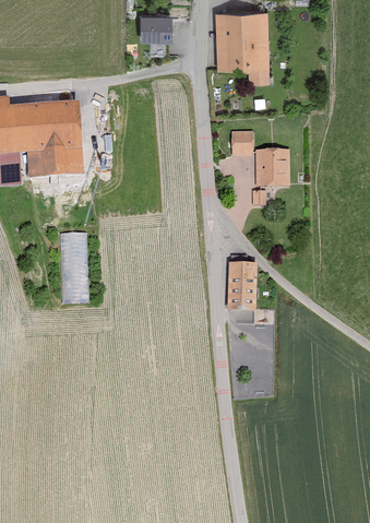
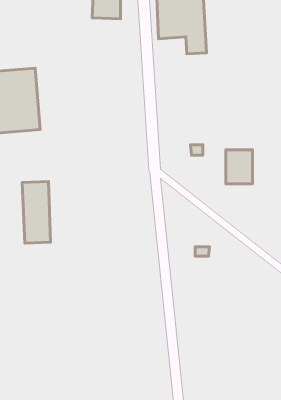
building: [229,128,251,153] -> none
building: [258,147,288,187] -> [226,150,252,184]
building: [227,263,258,312] -> none

